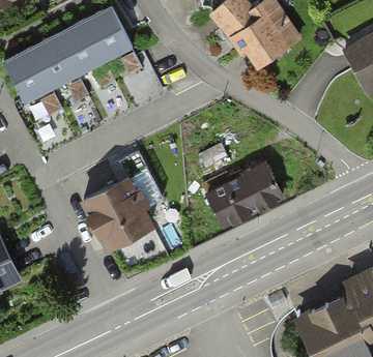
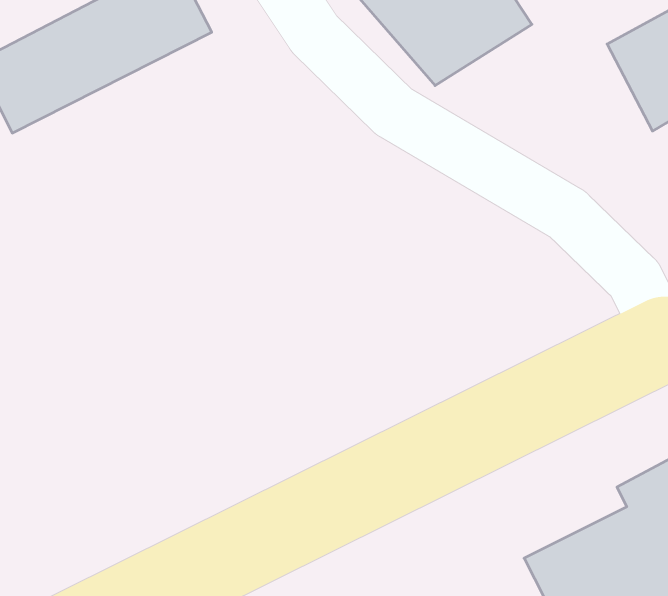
building: [209,163,283,226] -> none
building: [87,174,153,241] -> none

